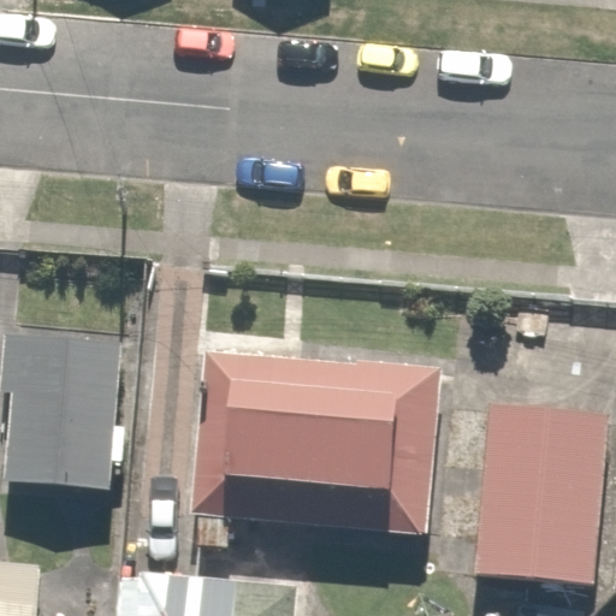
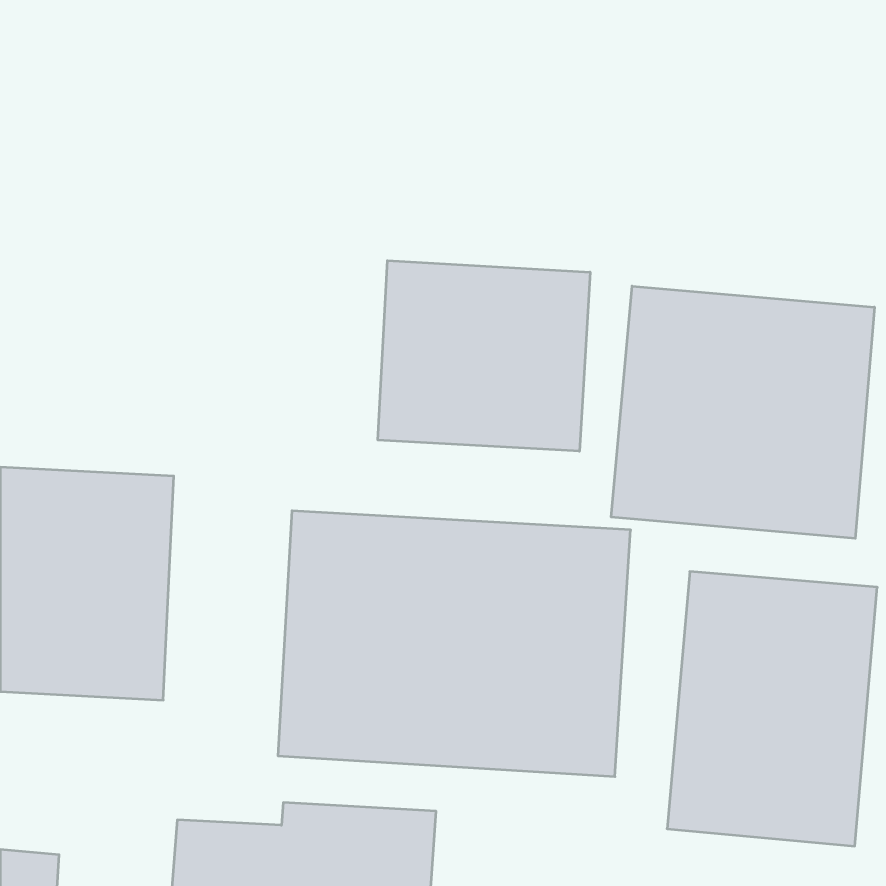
building: none -> [378,261,590,451]
building: none -> [611,286,874,538]

